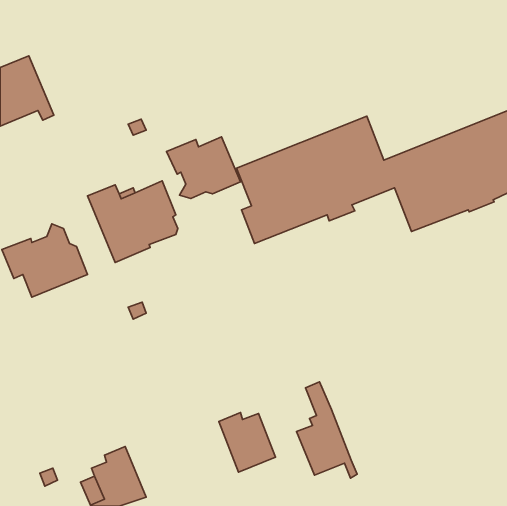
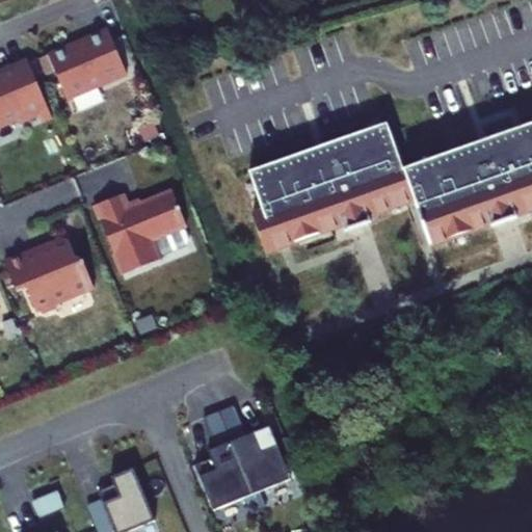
building: none -> [47,28,126,97]
building: [167,137,240,198] -> none
building: [297,382,357,478] -> [193,411,257,512]

